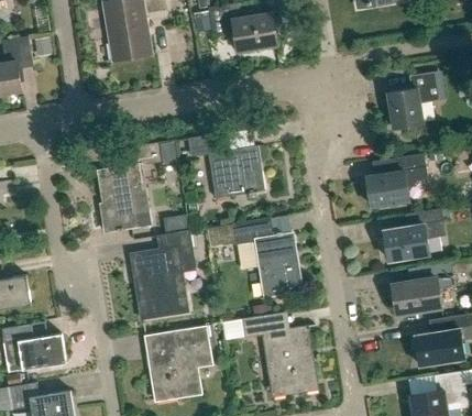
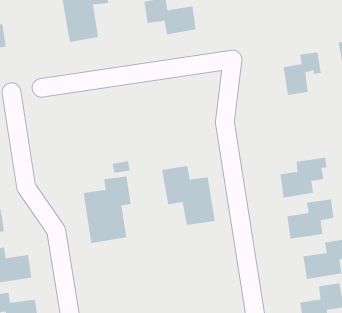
building: [188,133,265,199] -> none
building: [98,143,161,232] -> none
building: [366,153,427,206] -> none
building: [243,315,317,396] -> none
building: [146,326,210,403] -> none

